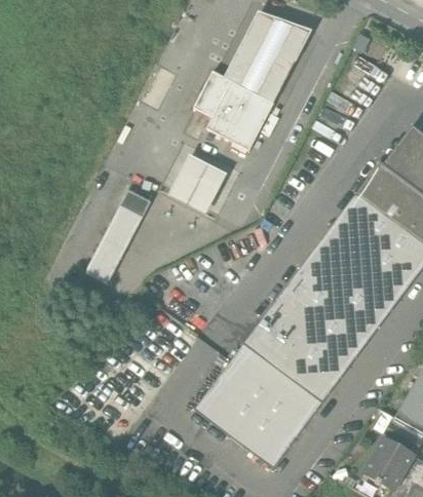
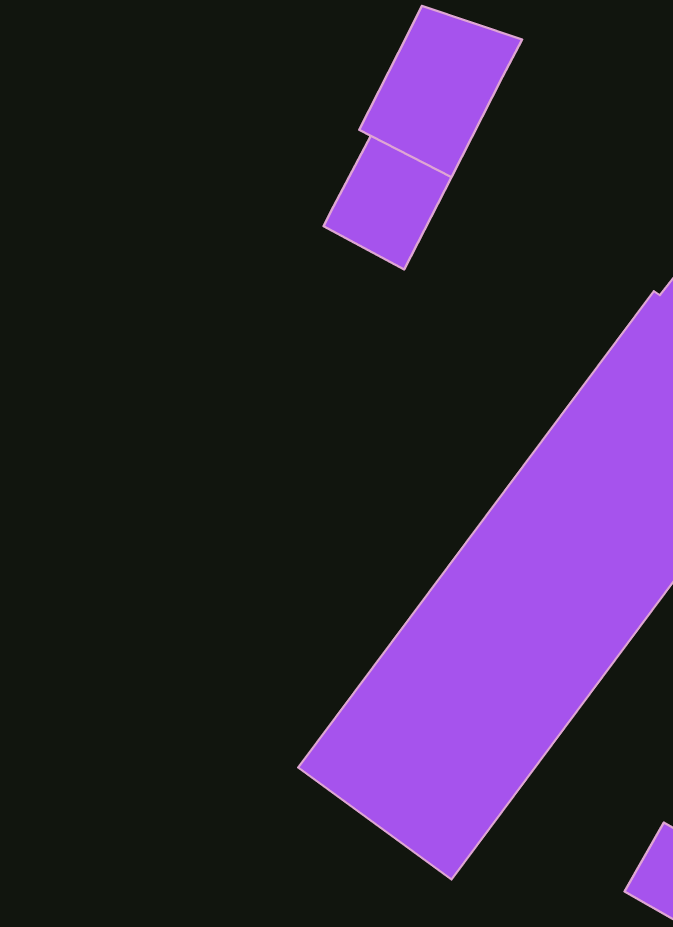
building: [193,71,231,117] -> none
building: [169,153,226,213] -> none
building: [85,191,150,283] -> none

